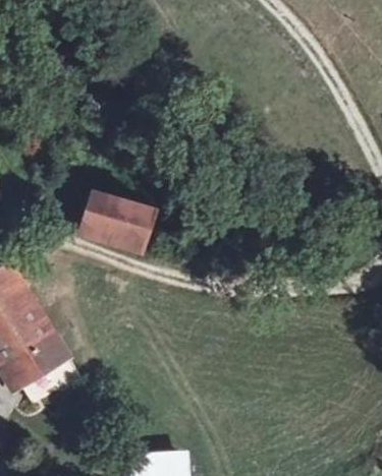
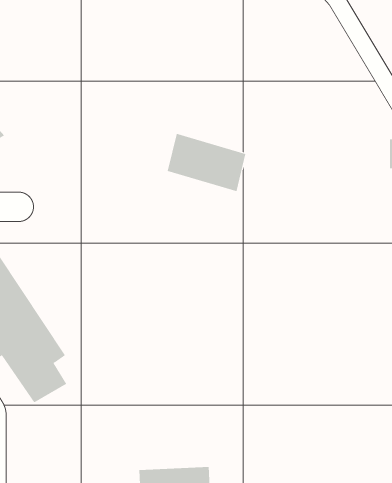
building: [77,202,148,254] -> [167,133,246,192]

